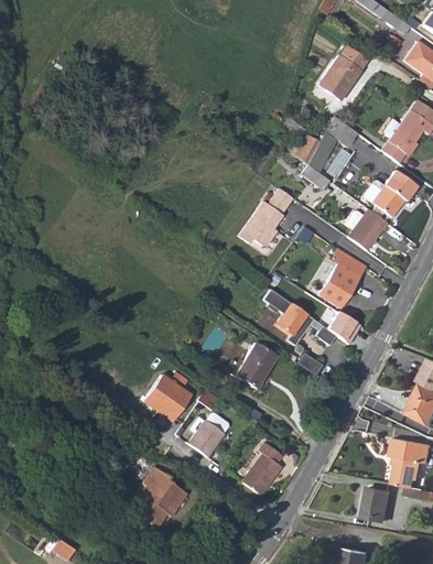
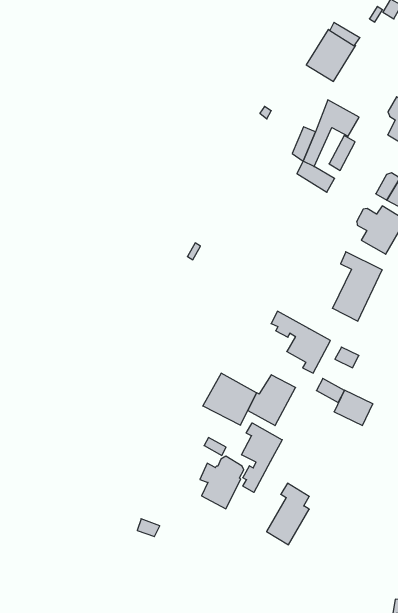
building: [240,189,295,247] -> none
building: [326,308,360,340] -> [334,390,373,425]
building: [144,372,192,419] -> [203,373,257,425]
building: none -> [242,423,282,492]
building: [138,467,186,529] -> none

